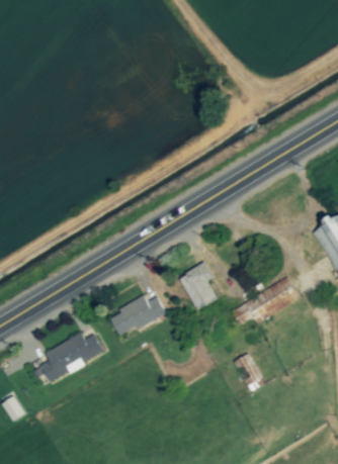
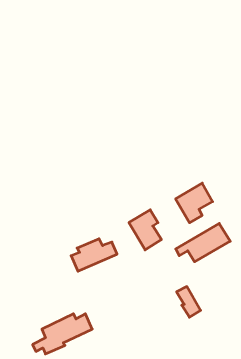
building: none -> [176,183,213,223]
building: [32,333,103,380] -> [33,314,92,354]

